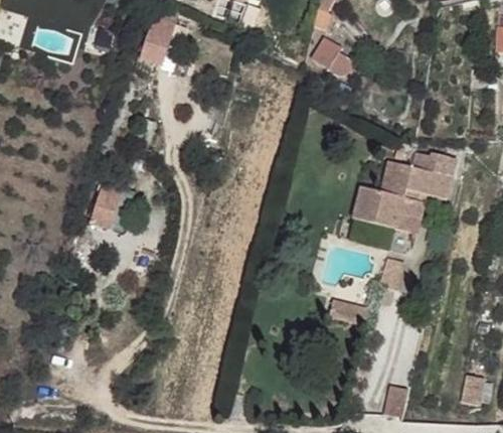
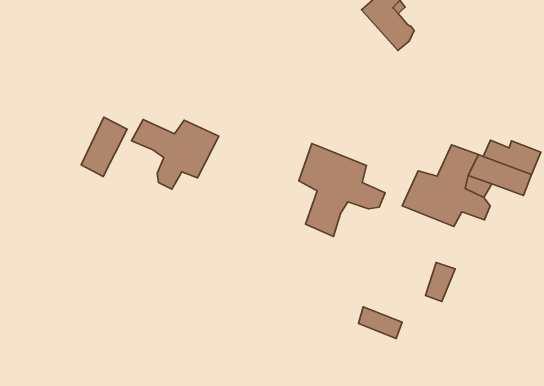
building: none -> [132,120,219,189]
building: none -> [299,143,385,236]

